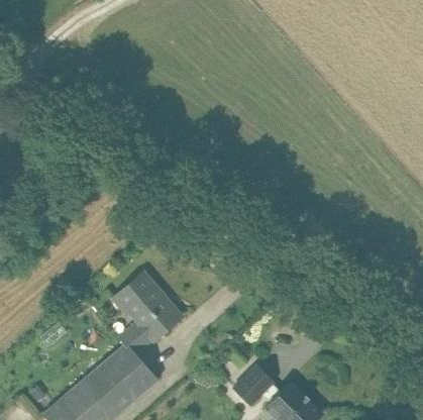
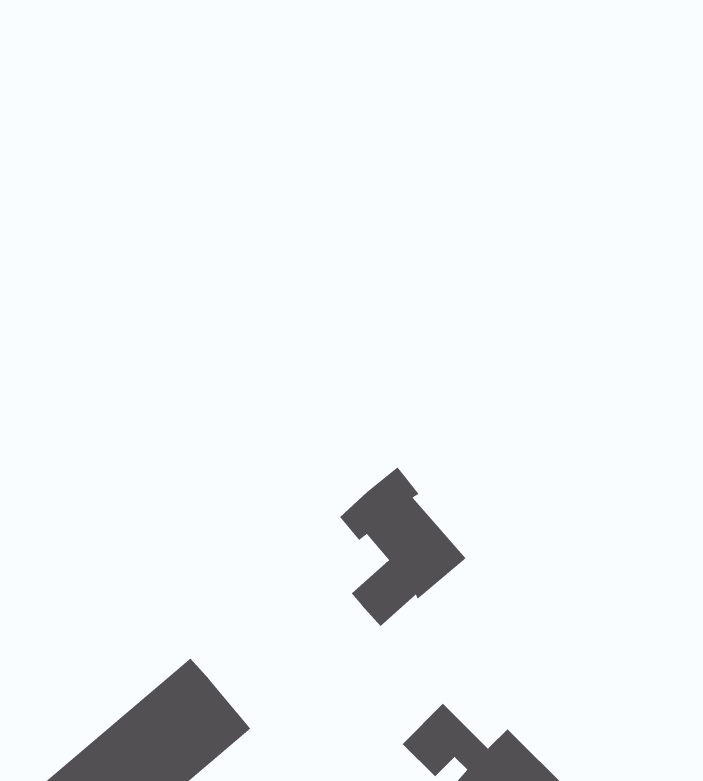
building: [115,272,181,354] -> [339,466,466,627]

